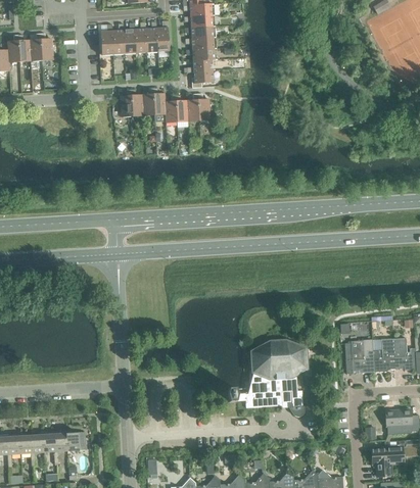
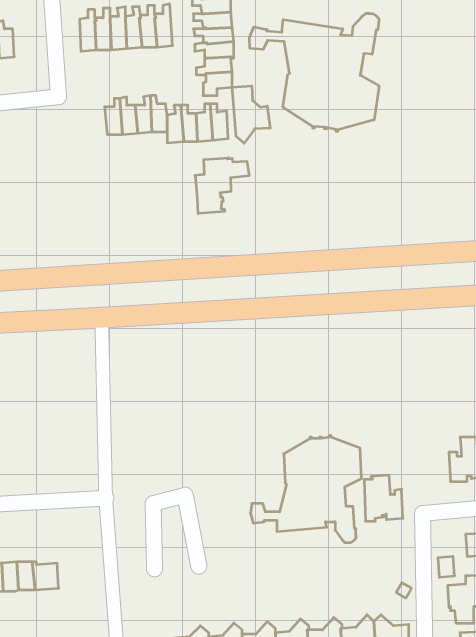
building: none -> [249,13,379,131]
building: none -> [232,86,270,143]
building: none -> [195,158,249,214]
building: [344,340,373,374] -> [364,475,403,521]

